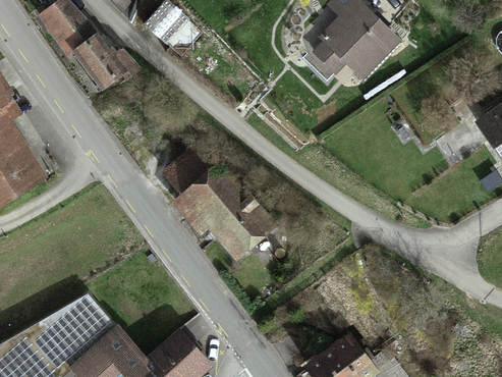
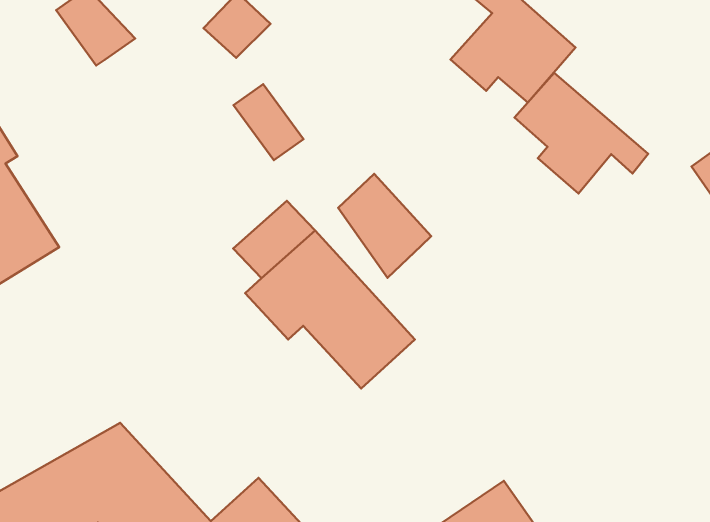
building: [76,34,124,86] -> [234,84,303,160]
building: none -> [515,73,648,193]
building: none -> [338,174,431,278]

